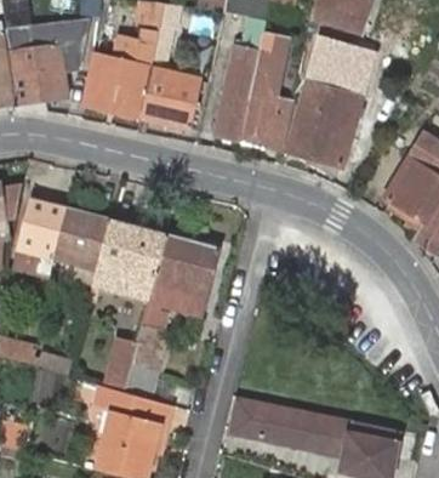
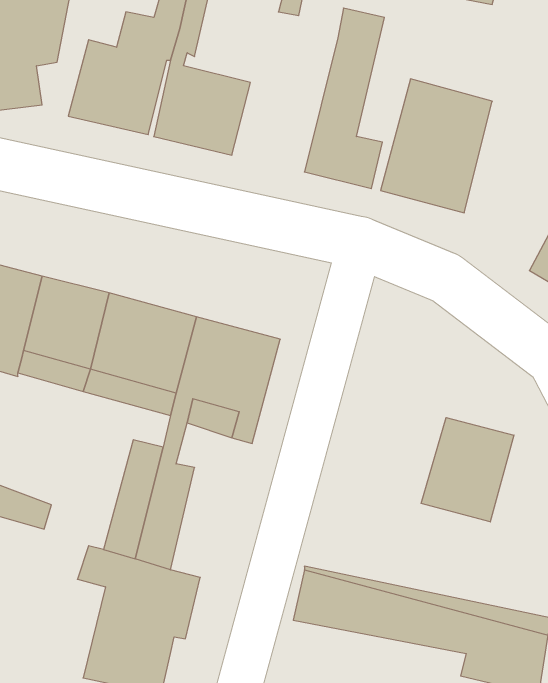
building: [307,34,372,93] -> none
building: [213,46,260,140] -> none
building: none -> [421,418,514,522]

